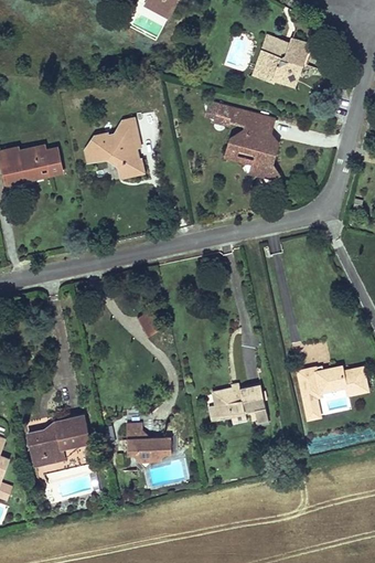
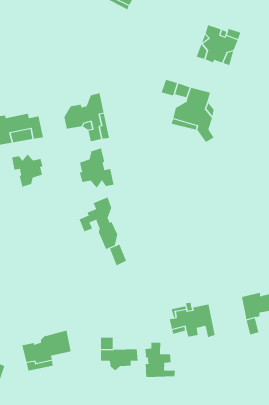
building: none -> [79,147,114,188]
building: none -> [11,154,43,187]
building: none -> [79,197,118,250]
building: none -> [145,342,176,378]

